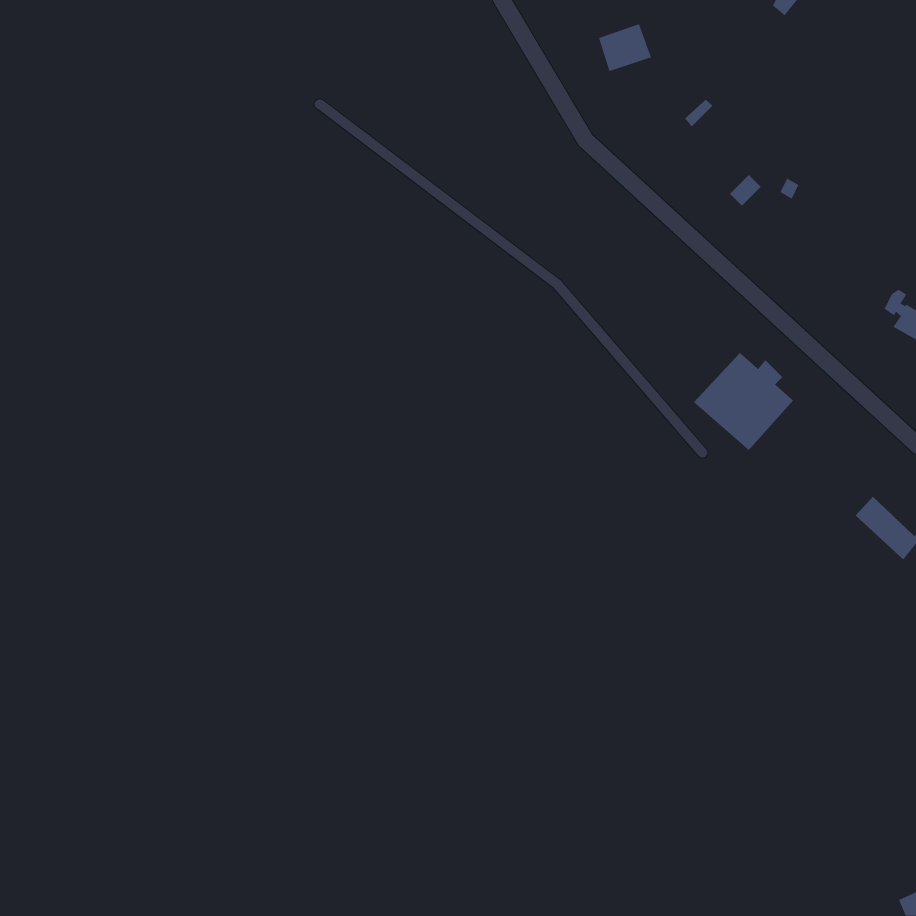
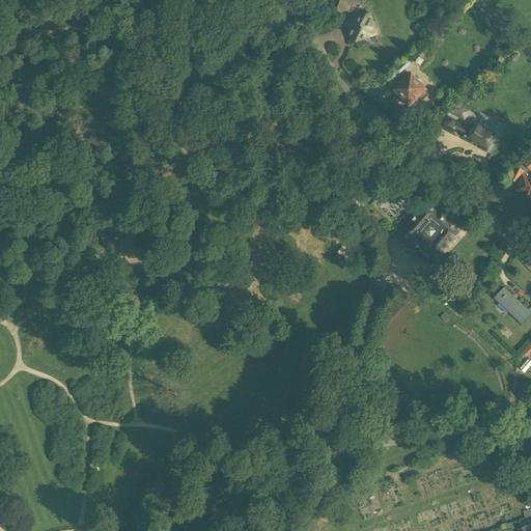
building: none -> [394,73,426,105]
building: none -> [442,116,497,149]

